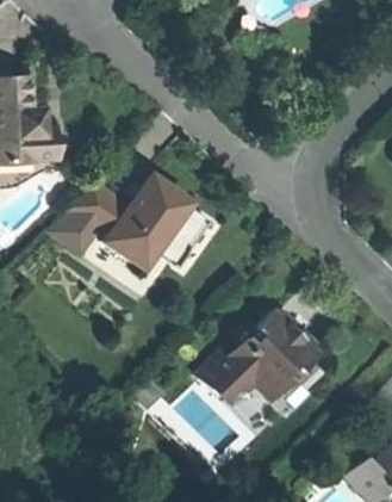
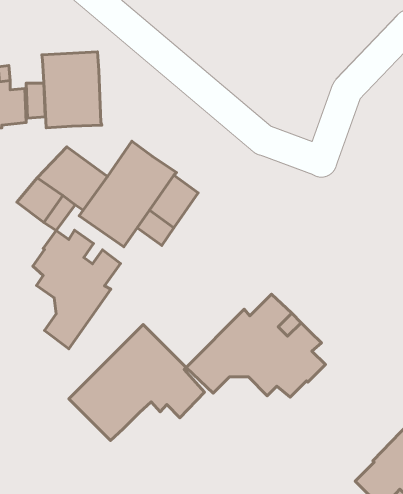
building: none -> [42,52,102,128]
building: none -> [33,230,120,349]
building: none -> [69,324,205,441]

